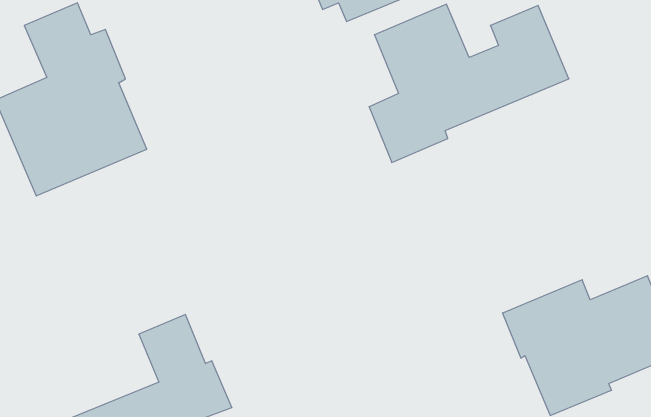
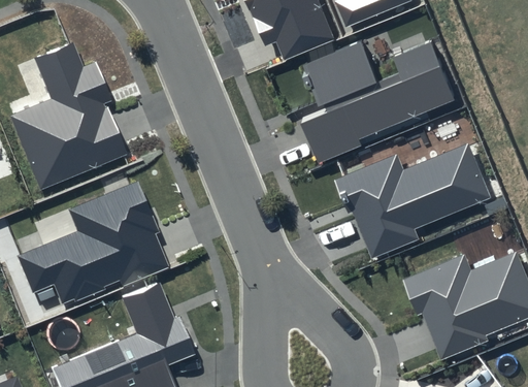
building: none -> [338,142,490,259]
building: none -> [19,181,168,303]

